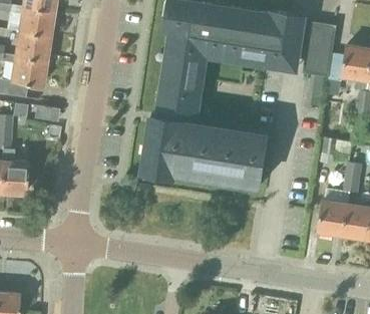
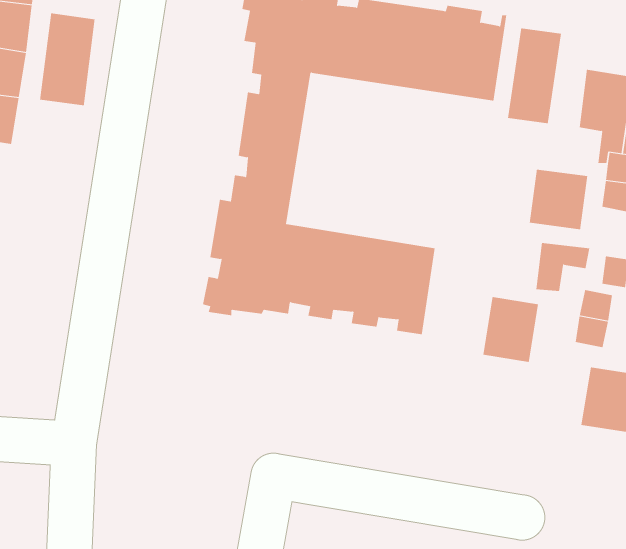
building: none -> [39,13,95,106]
building: none -> [529,169,588,230]
building: [320,200,350,235] -> [482,297,539,363]

